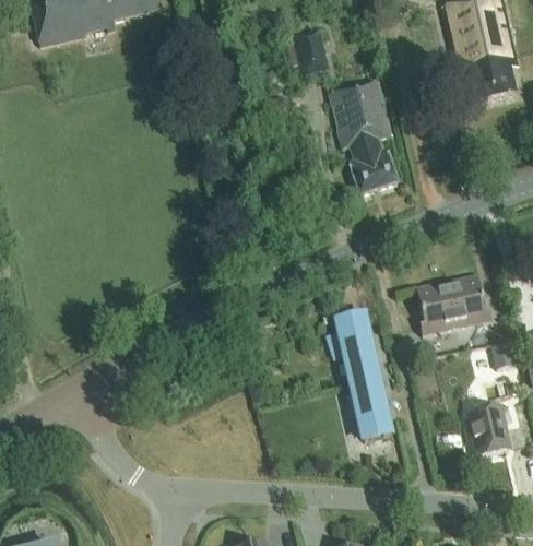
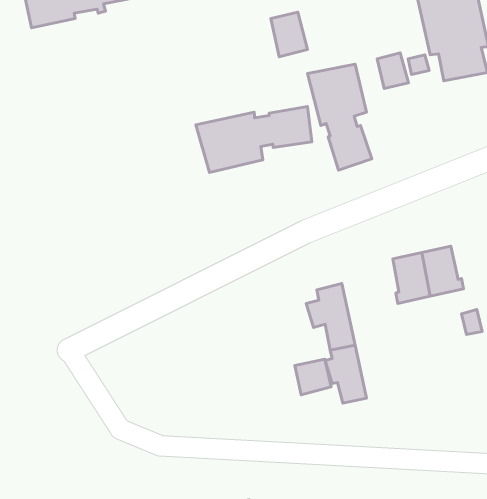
building: none -> [377,53,409,89]
building: none -> [196,106,312,172]
building: none -> [295,359,331,395]
building: [469,404,511,454] -> none

